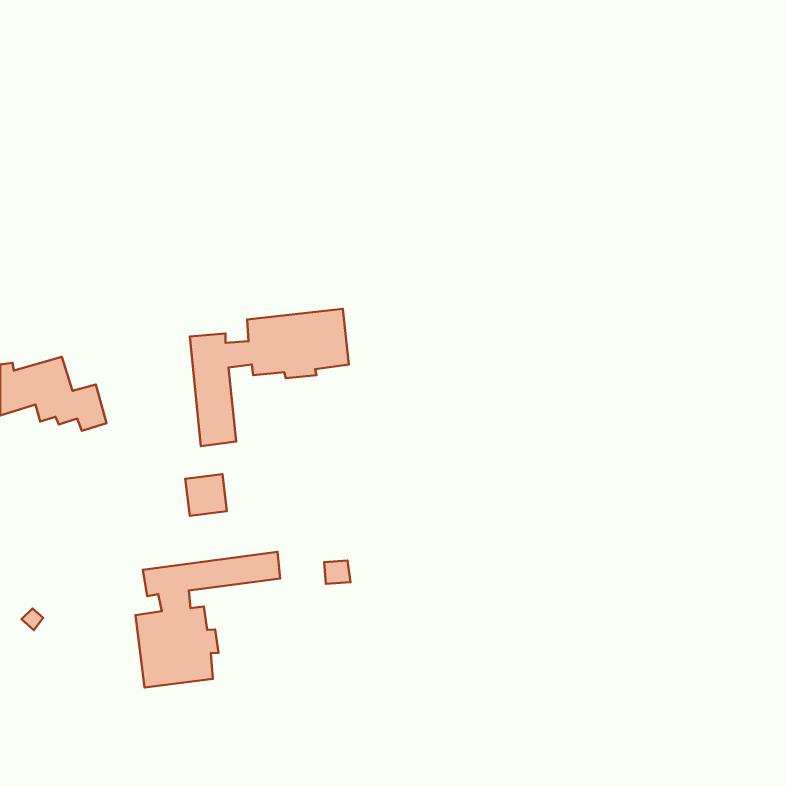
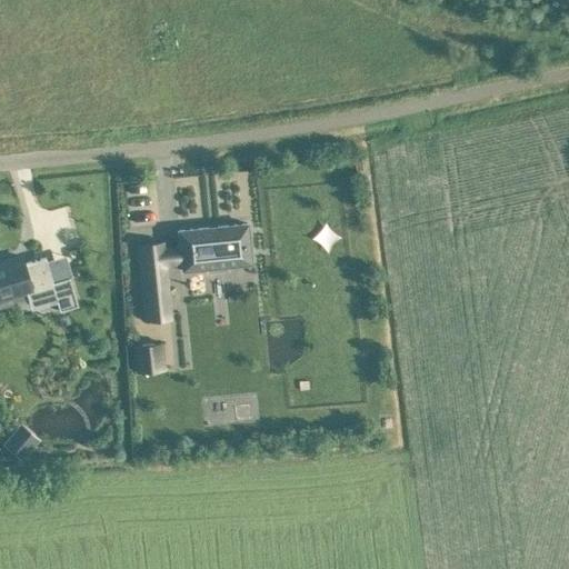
building: [135,552,280,687] -> none

